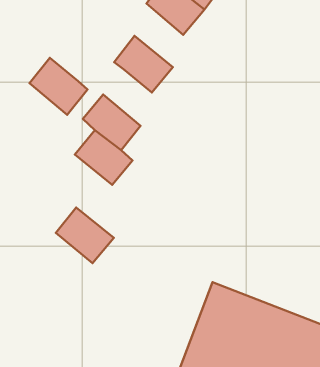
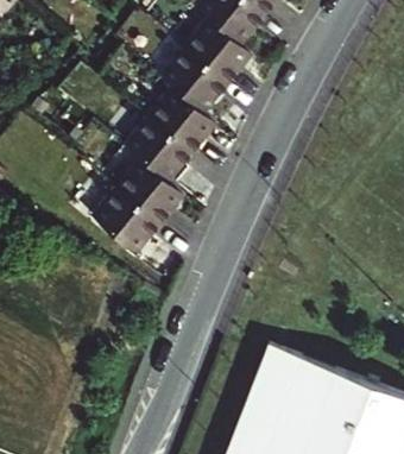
building: none -> [183,23,251,88]
building: [30,58,87,115] -> [146,90,214,157]
building: [56,208,114,263] -> [89,190,157,256]

